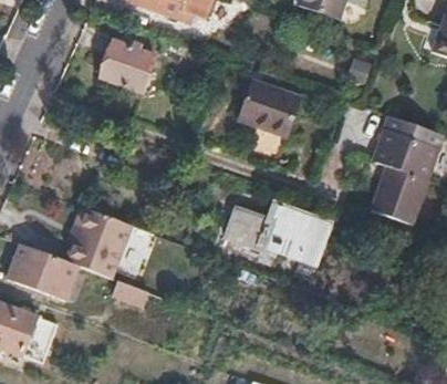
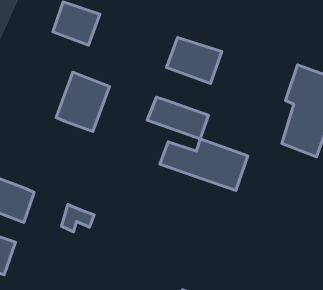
building: none -> [147,97,208,139]
building: [67,208,131,278] -> [56,72,110,131]

